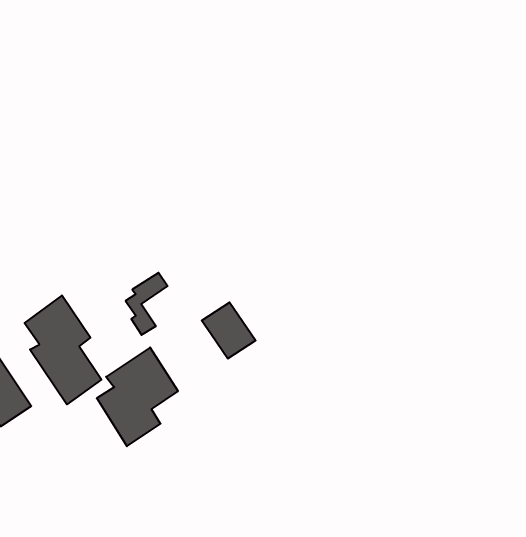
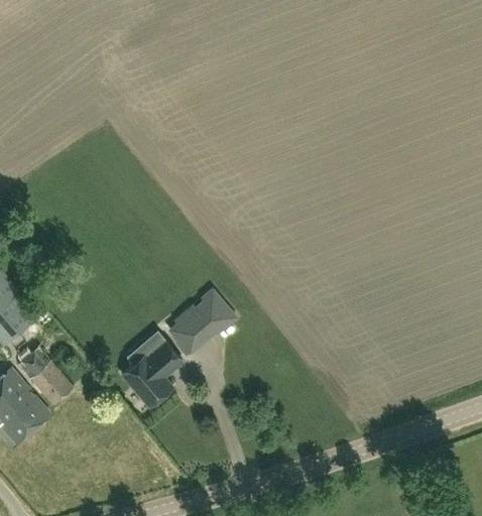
building: [126,273,168,335] -> [171,306,202,355]
building: [25,295,101,404] -> none

